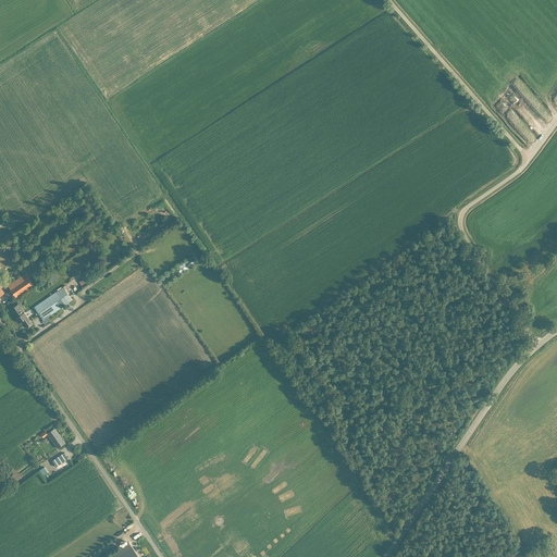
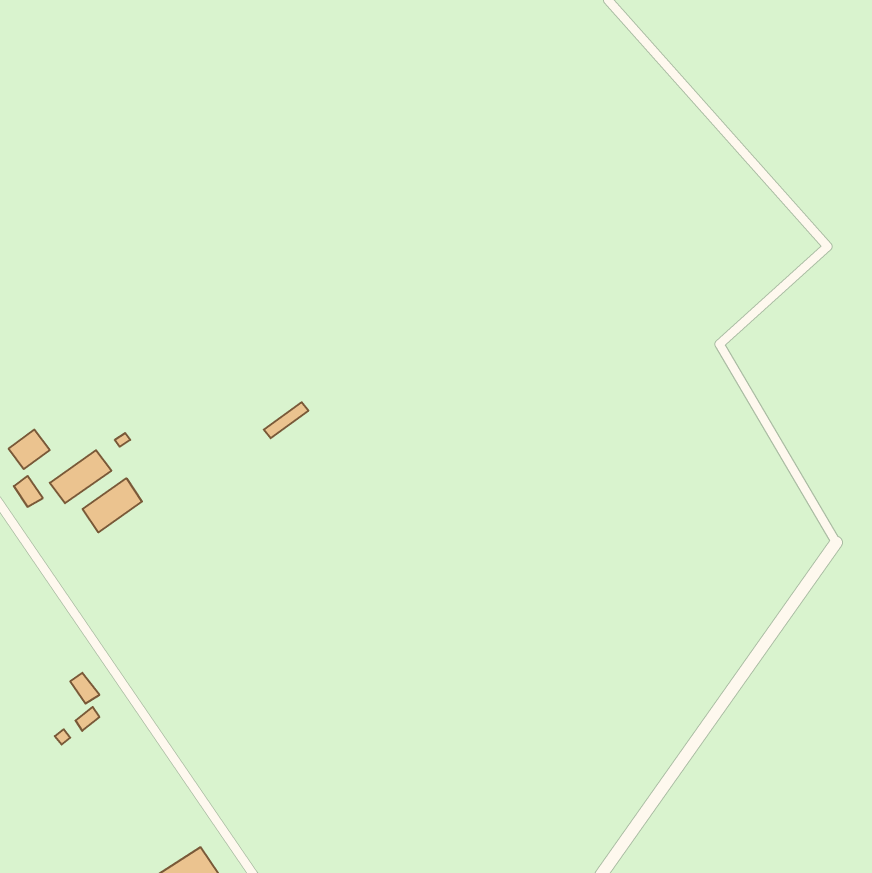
building: none -> [83,478,142,532]

